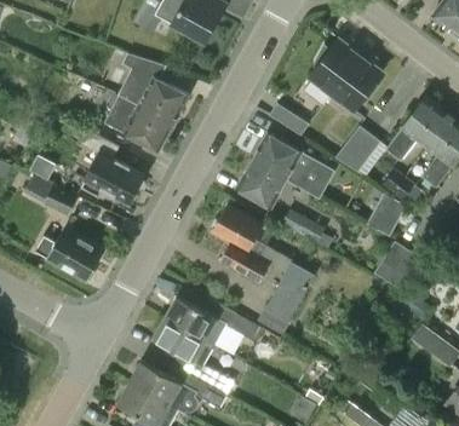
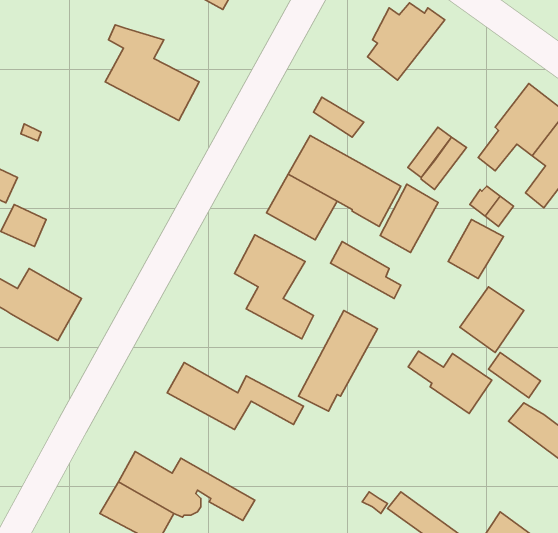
building: [331,51,383,111] -> none
building: [107,96,173,152] -> none
building: [81,132,144,205] -> none
building: none -> [380,184,438,253]
building: none -> [408,351,492,414]
building: [153,320,235,397] -> none

